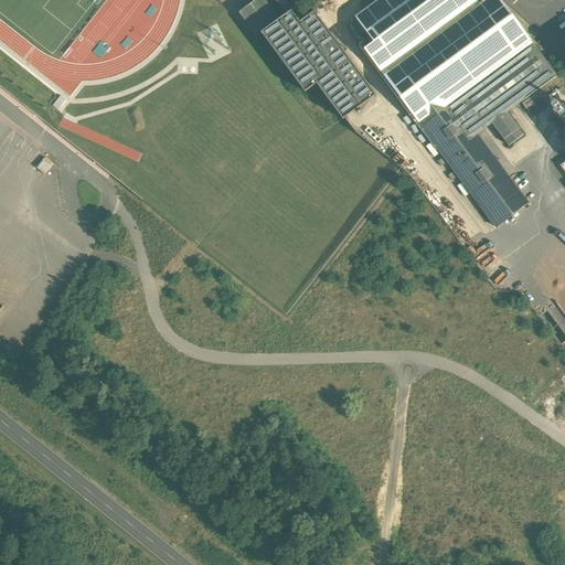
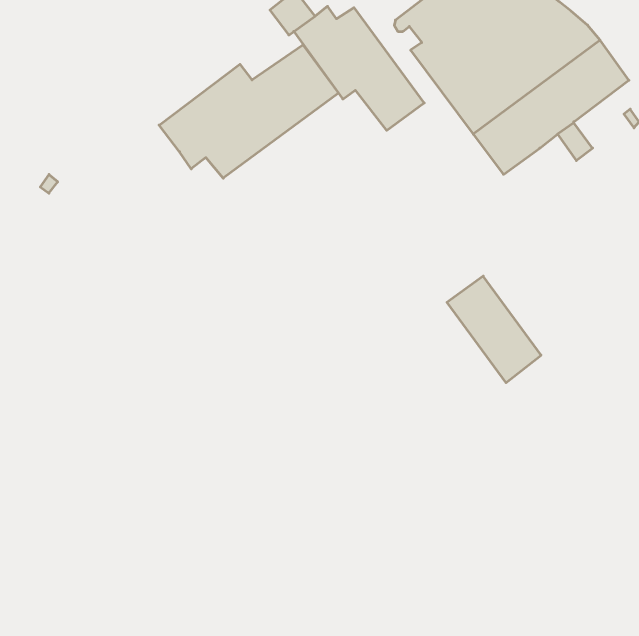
building: none -> [159,45,339,178]
building: [443,130,525,224] -> [447,276,541,383]

